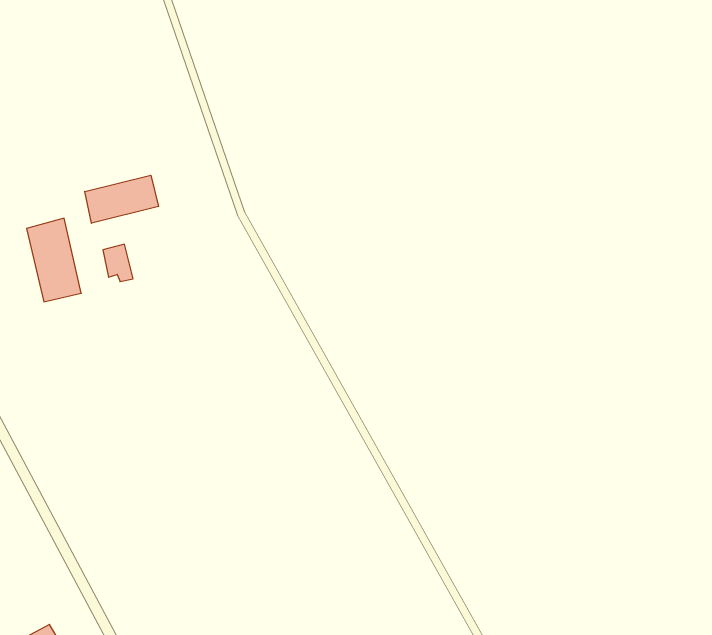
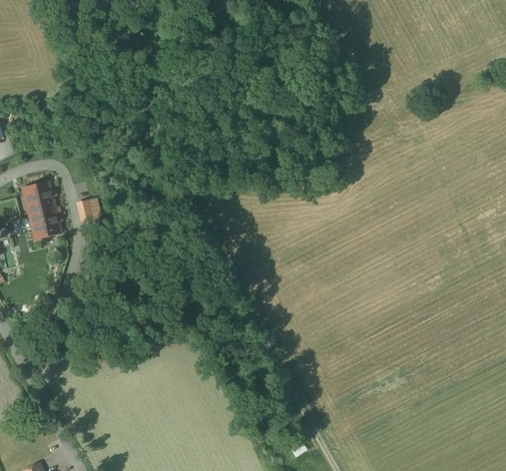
building: [85,175,159,223] -> none

